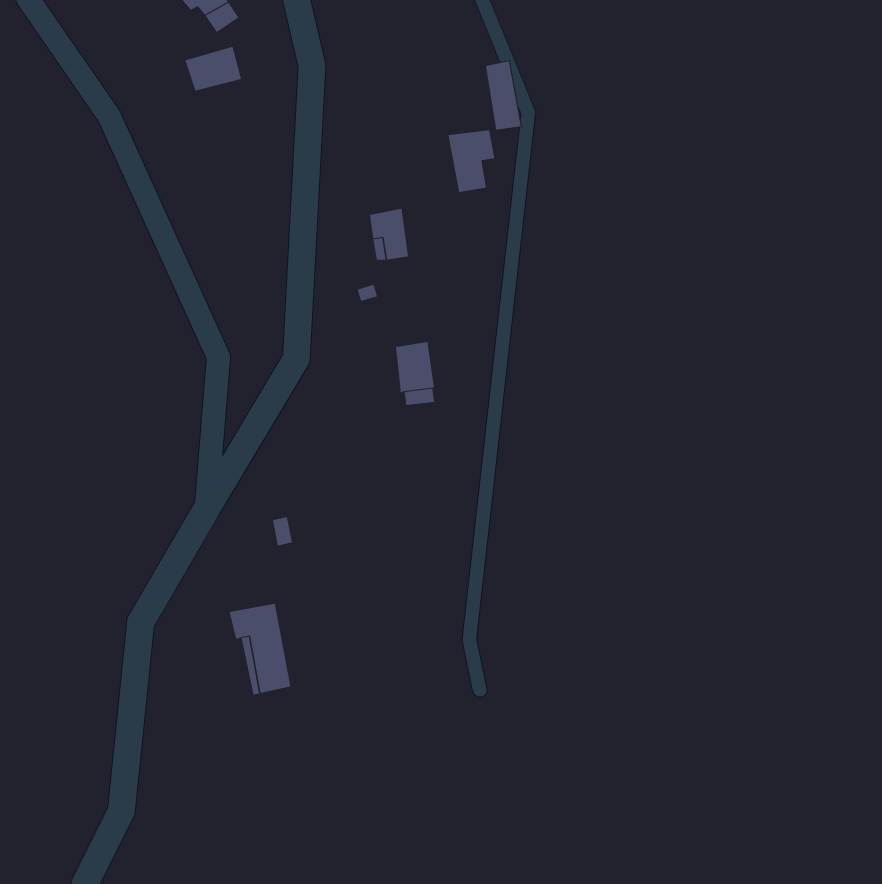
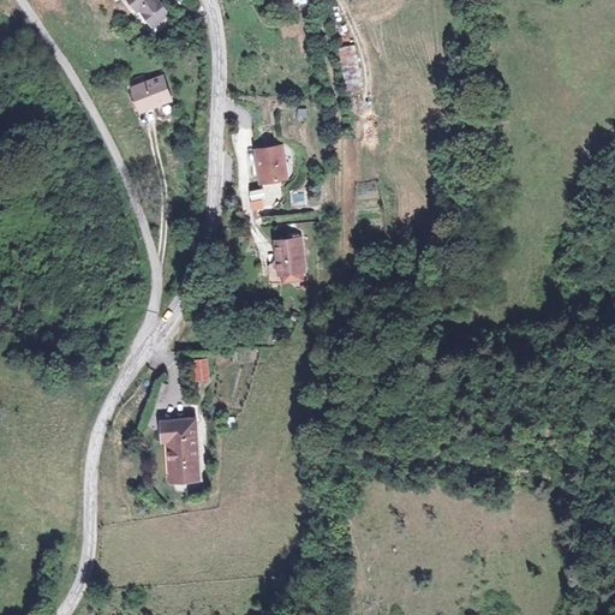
building: [185,46,242,91] -> [129,77,168,108]
building: [448,130,495,193] -> none

